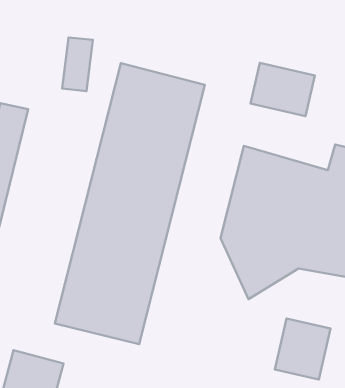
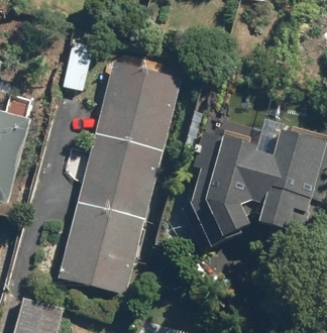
building: [250,63,315,116] -> none
building: [275,319,330,380] -> none

